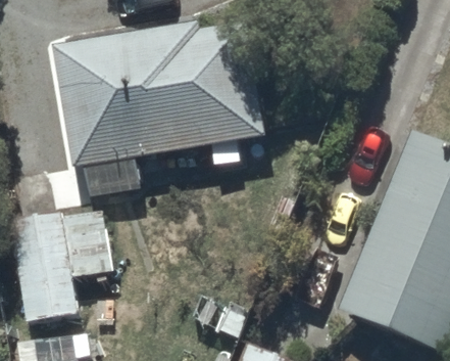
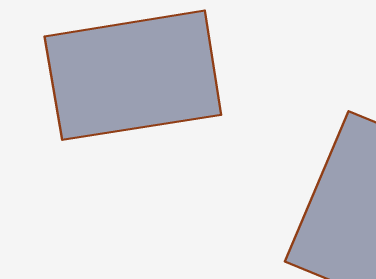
building: [11,208,103,314] -> none

